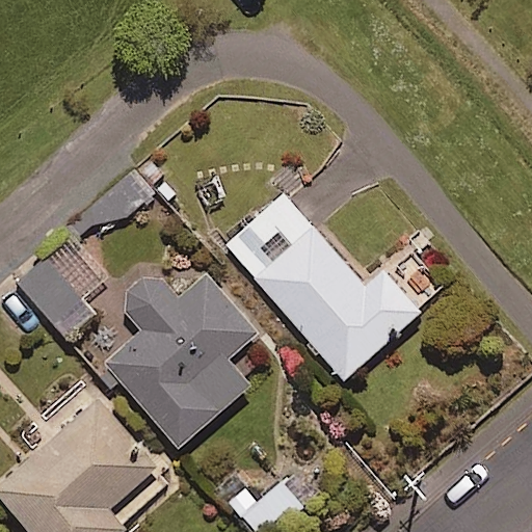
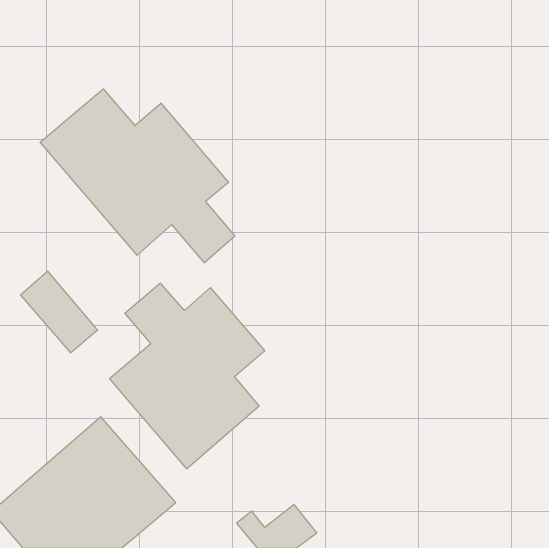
building: none -> [40,89,235,263]
building: [224,191,420,380] -> none

